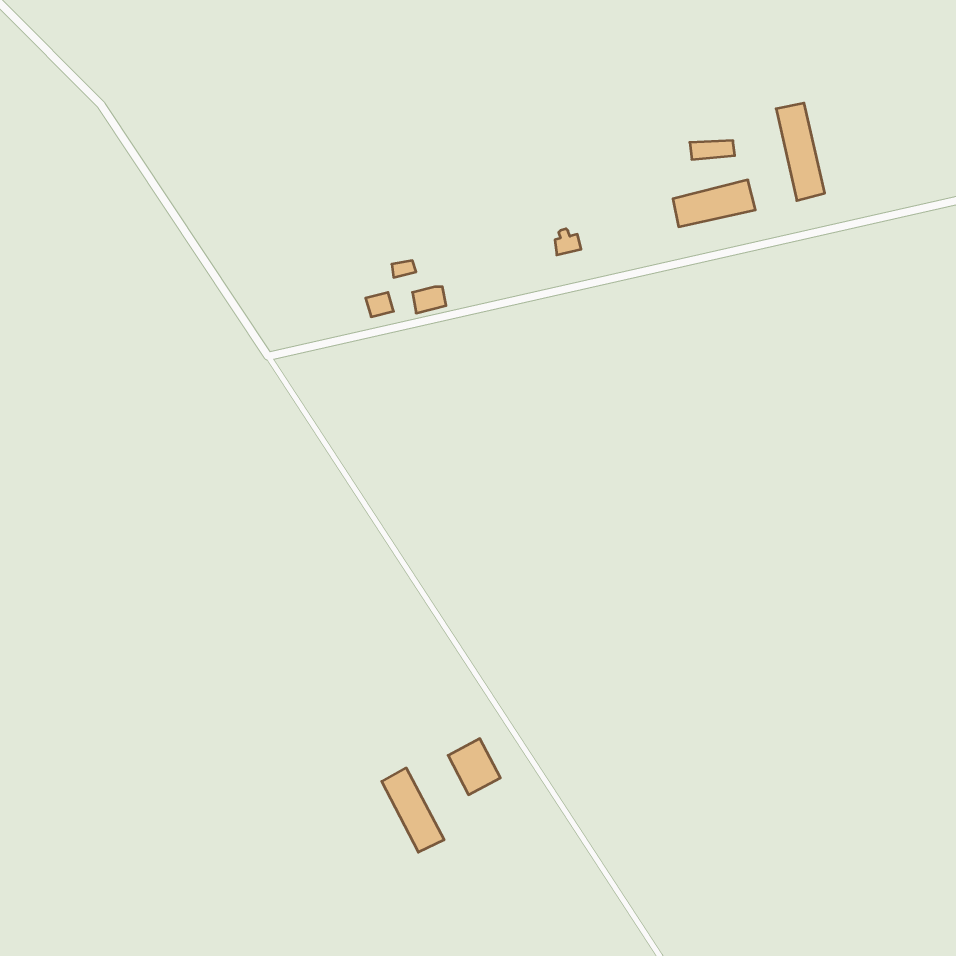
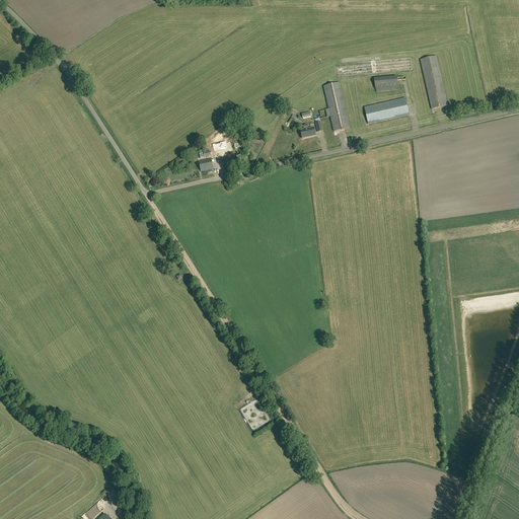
building: none -> [323,82,349,131]
building: [382,768,444,852] -> none

